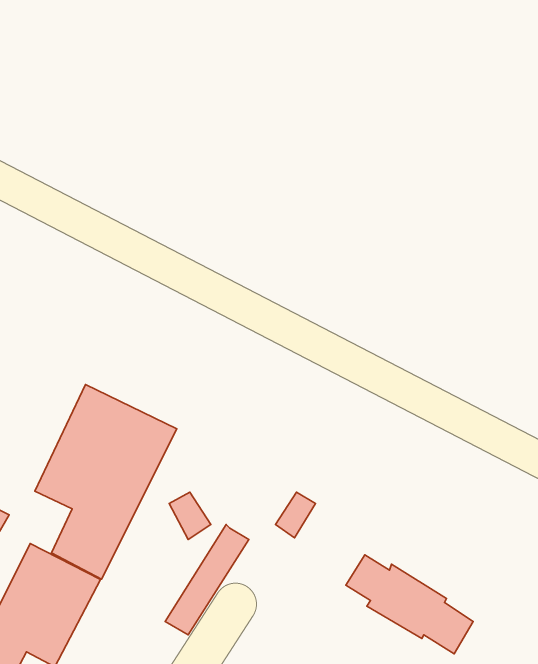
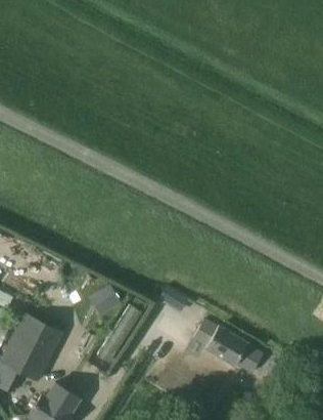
building: [35,385,177,579] -> none

